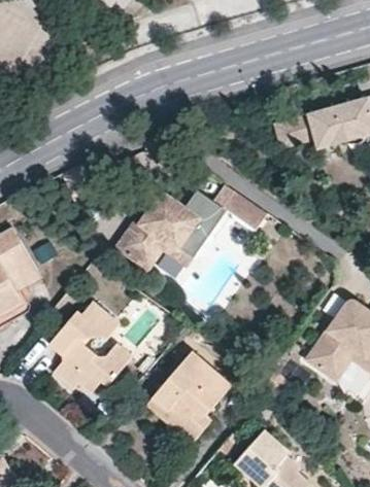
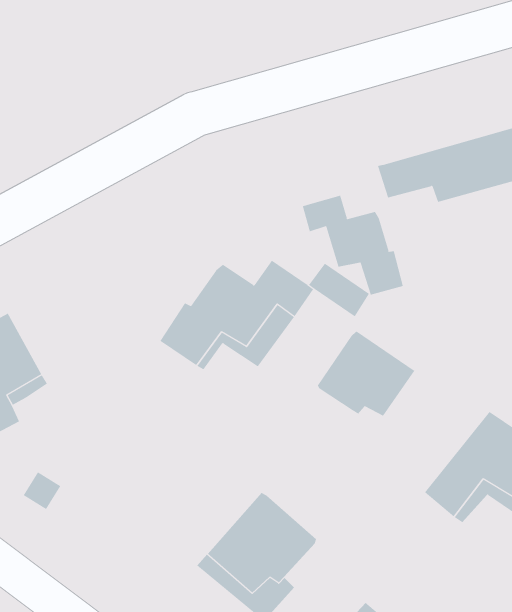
building: none -> [302,195,403,296]
building: none -> [317,330,415,417]
building: [48,302,131,393] -> none

